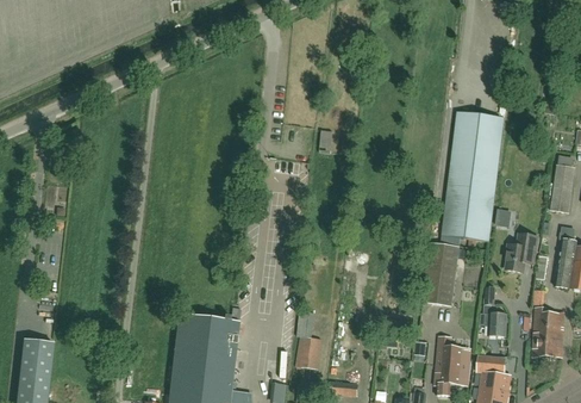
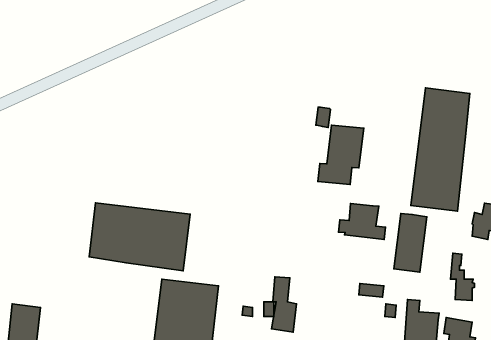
building: none -> [318,125,364,184]
building: none -> [89,203,190,271]
building: none -> [338,204,385,240]

